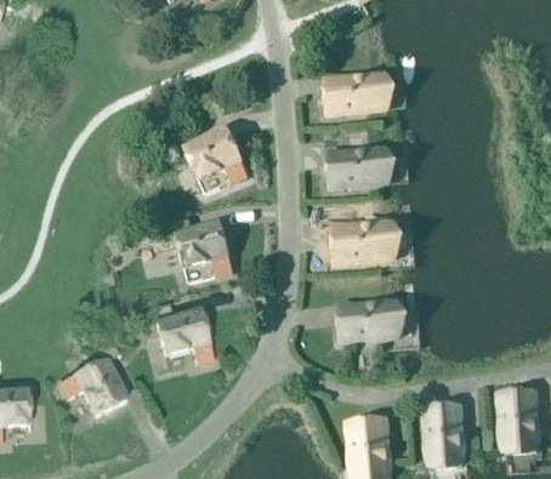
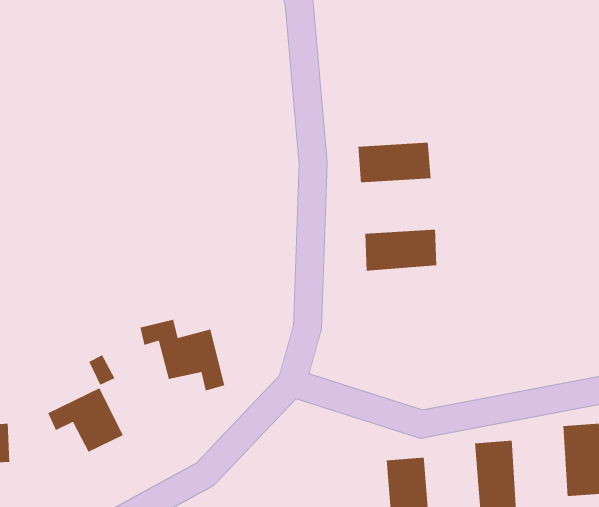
building: [325,76,388,113] -> none
building: [164,126,249,182] -> none
building: [161,215,234,275] -> none
building: [339,303,402,341] -> none

